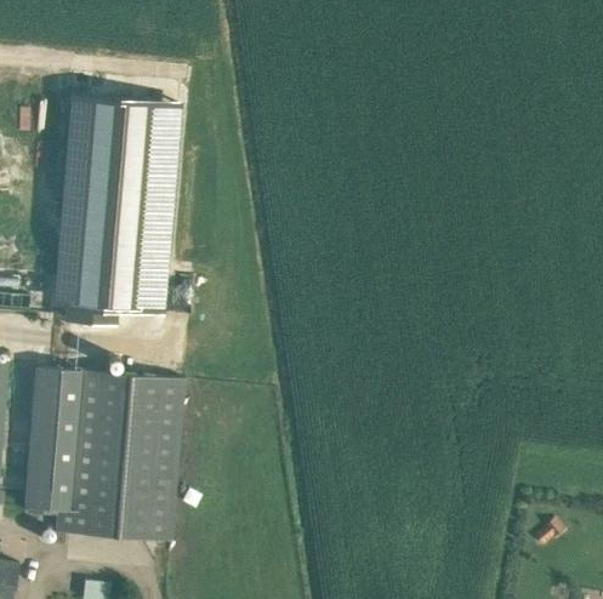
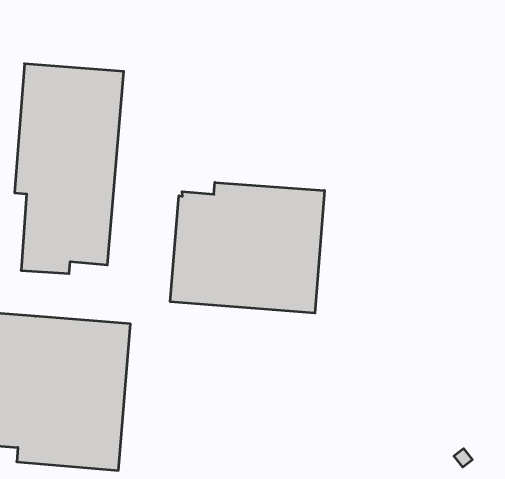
building: none -> [170,182,324,313]

